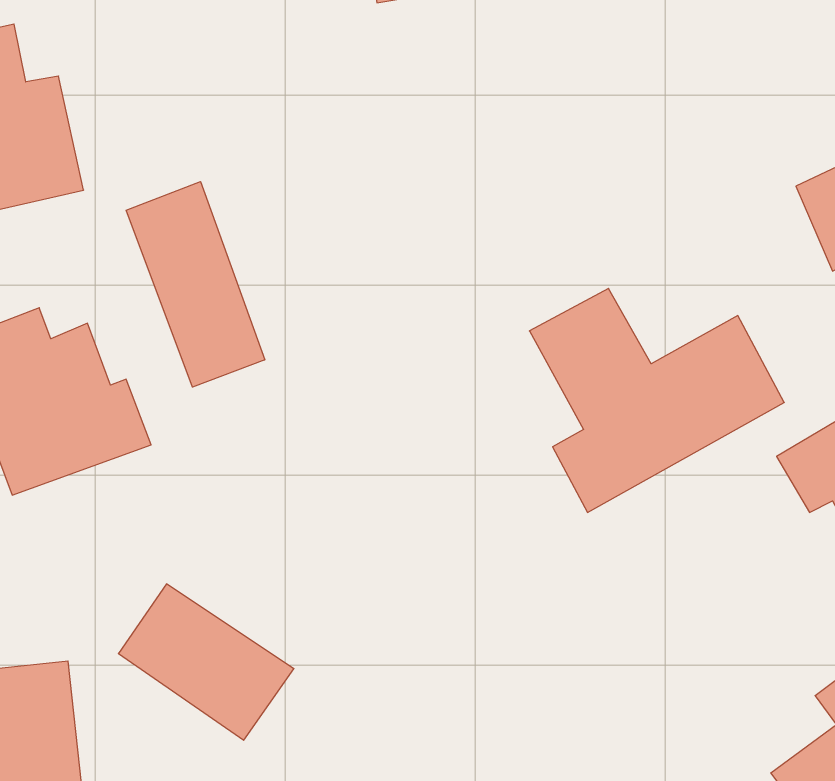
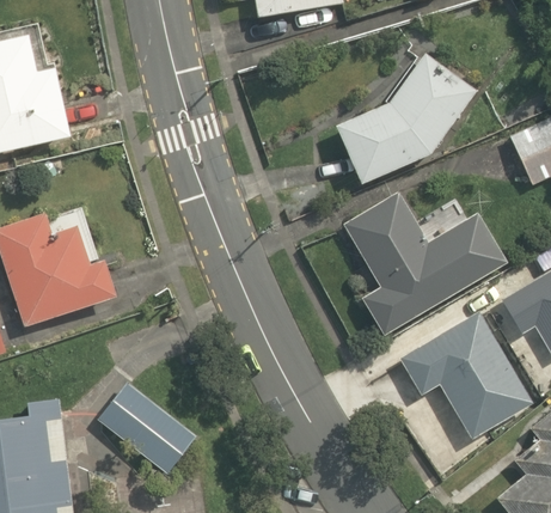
building: none -> [335,51,478,179]
building: [126,182,265,387] -> none
building: none -> [397,305,528,432]

